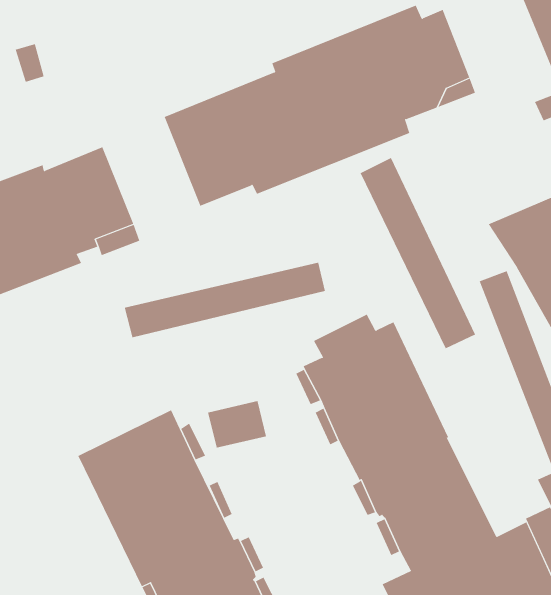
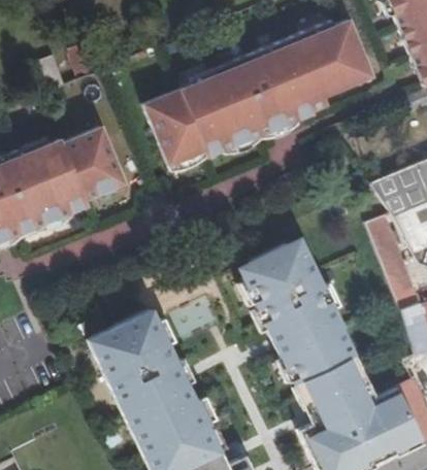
building: [360,157,476,349] -> none
building: [124,262,325,338] -> none

